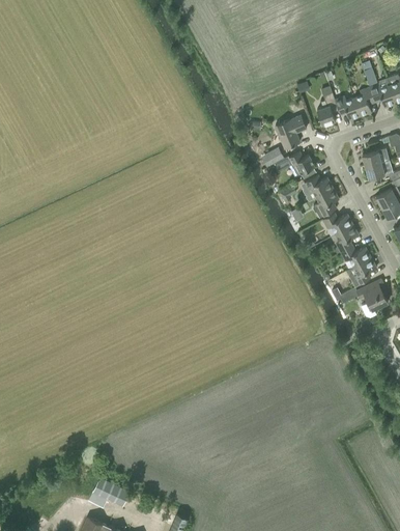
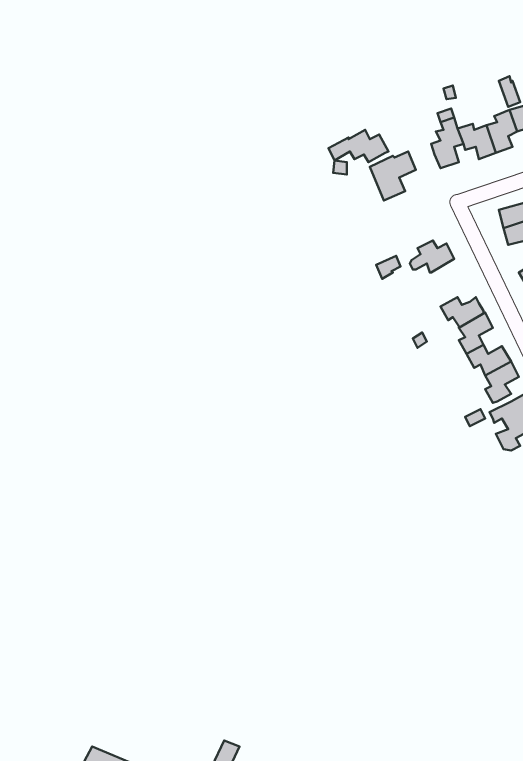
building: [275,150,315,172] -> [328,130,388,162]
building: [313,187,339,216] -> none
building: [90,477,135,510] -> none

